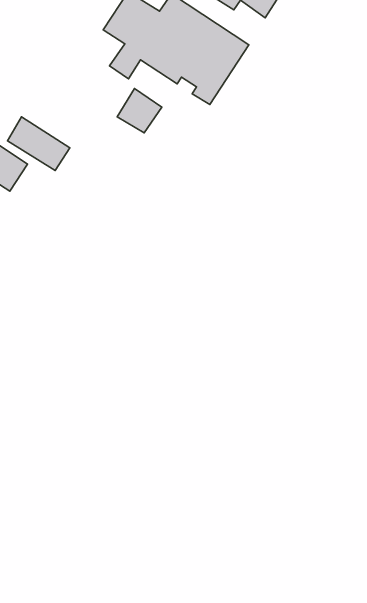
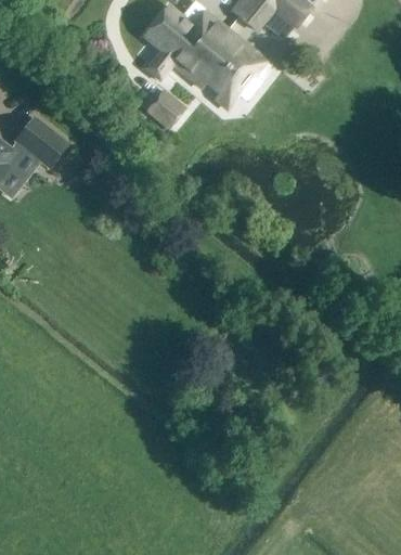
building: [8,117,70,171] -> none

